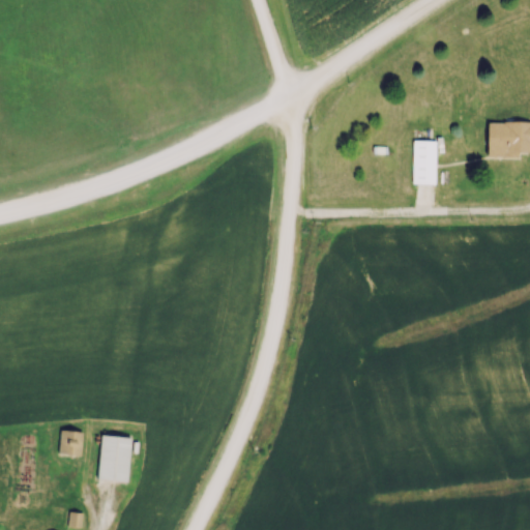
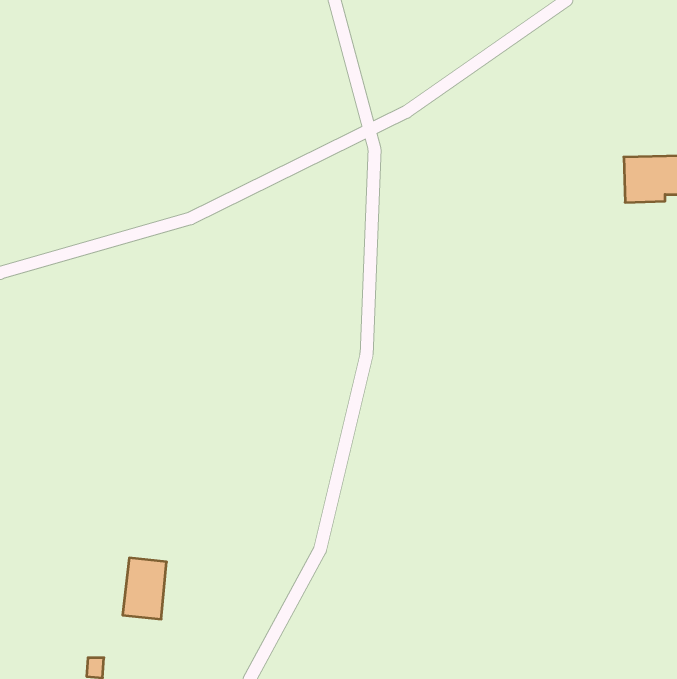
building: [413,141,444,184] -> none
building: [60,430,85,457] -> none

